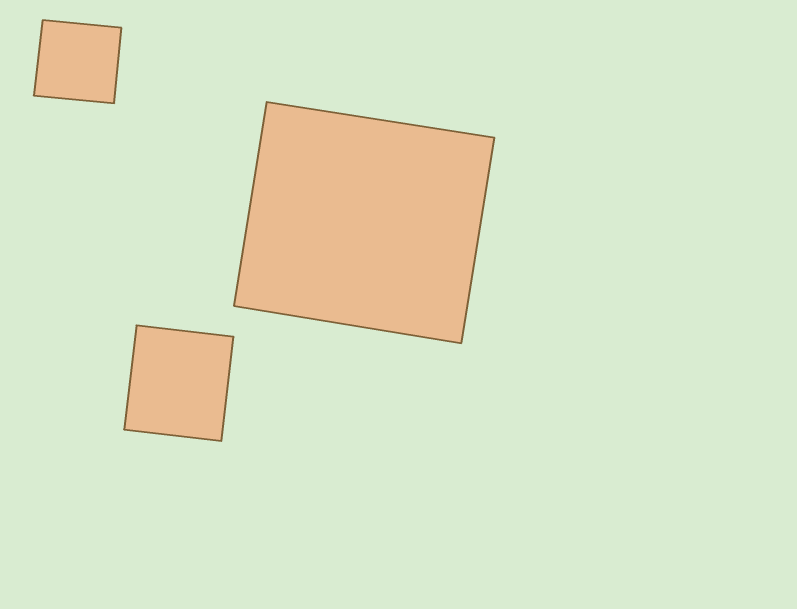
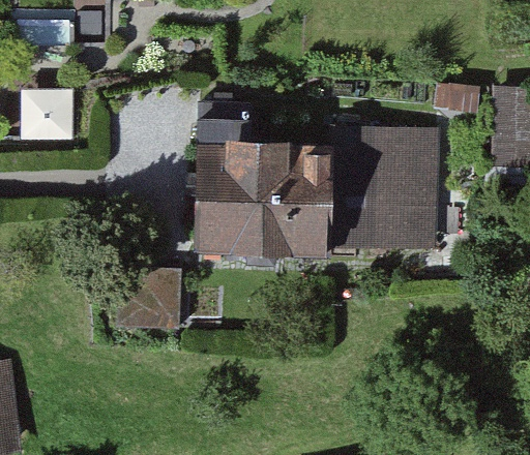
building: none -> [325,124,437,251]

